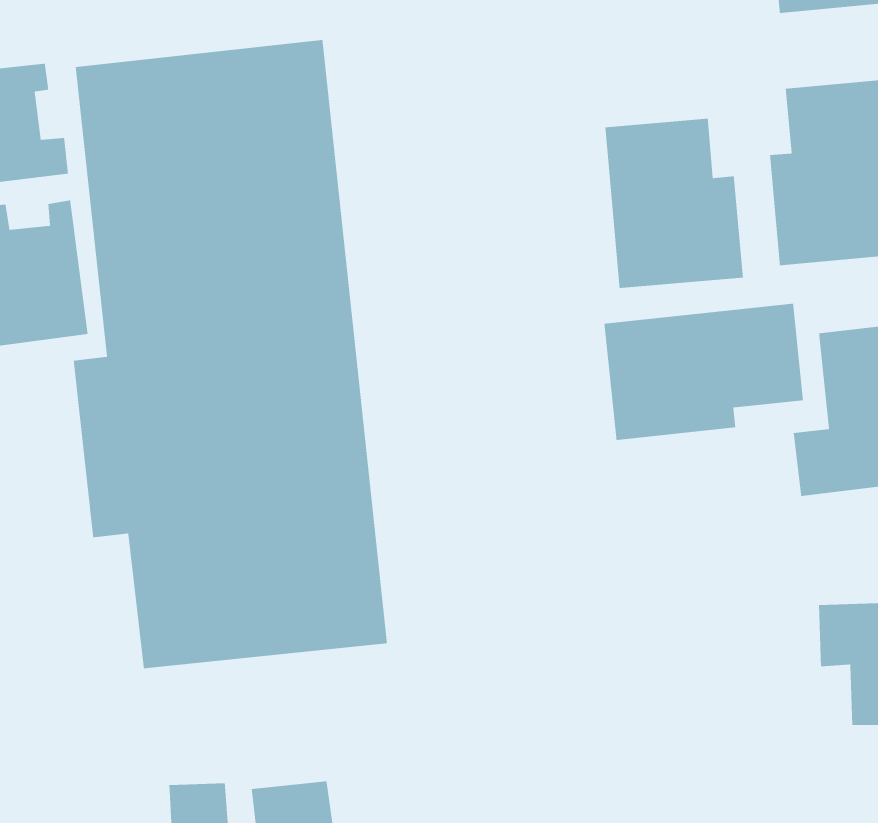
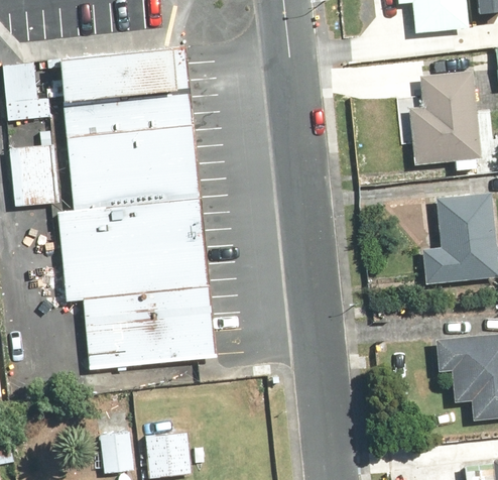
building: [604,118,744,289] -> none
building: [604,303,804,441] -> none

